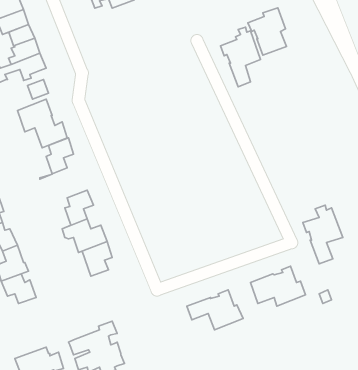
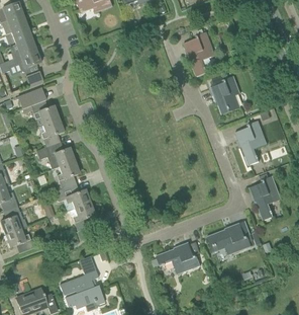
building: [248,8,287,55] -> [210,75,241,113]
building: none -> [235,120,268,164]
building: none -> [36,142,75,168]

